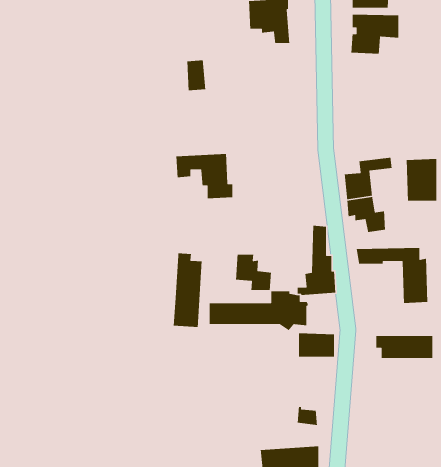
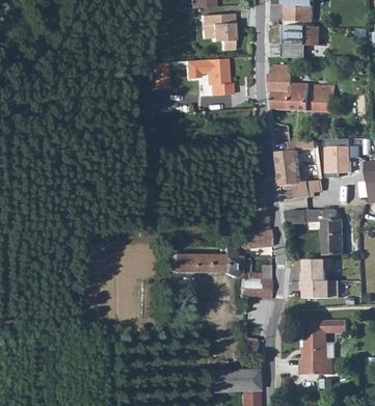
building: none -> [268,64,333,112]
building: [175,153,233,199] -> [184,58,230,94]
building: [173,252,203,328] -> none
building: [235,254,272,291] -> none
building: none -> [302,258,340,279]
building: none -> [303,320,346,374]

